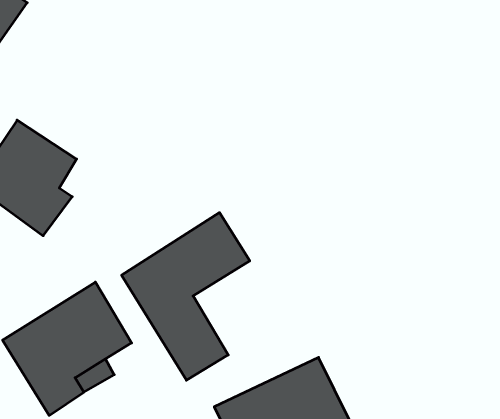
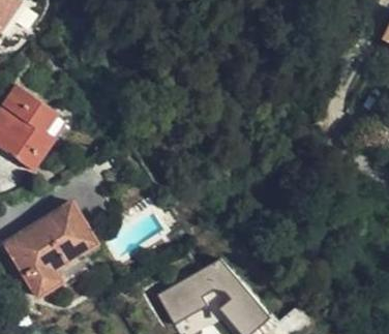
building: [122,213,250,380] -> none

